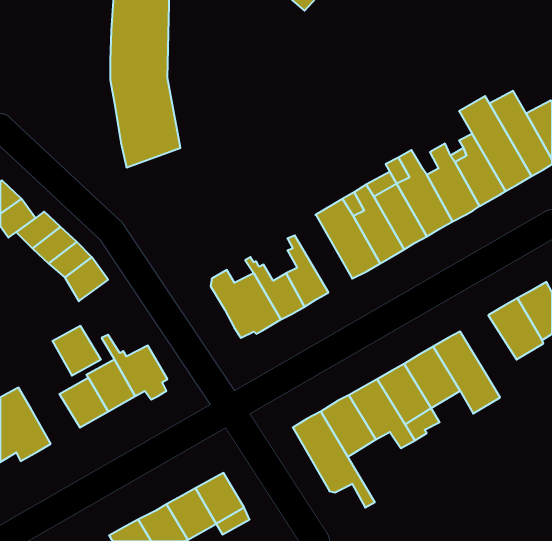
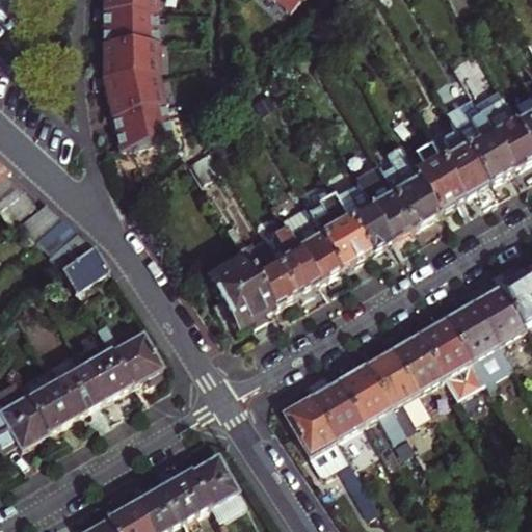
building: none -> [282,208,339,282]
building: none -> [443,303,510,392]
building: [52,326,101,376] -> [30,379,77,427]

